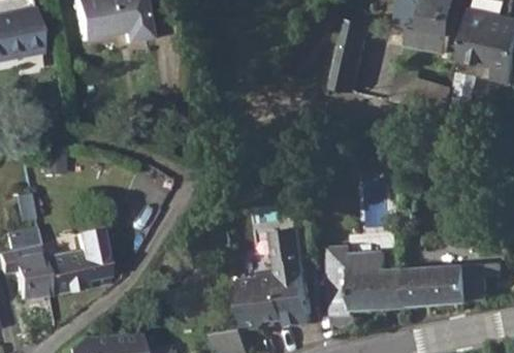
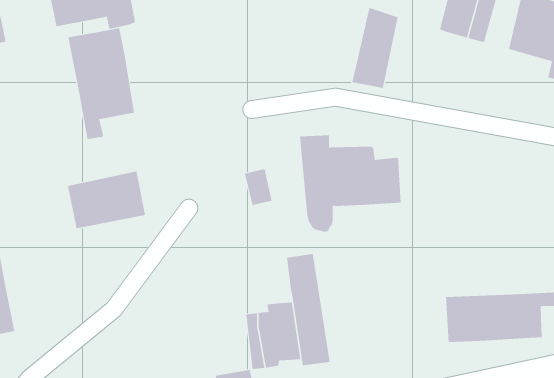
building: none -> [68,27,135,140]
building: [39,247,105,295] -> [67,171,146,229]
building: [323,248,409,329] -> [299,135,401,232]

